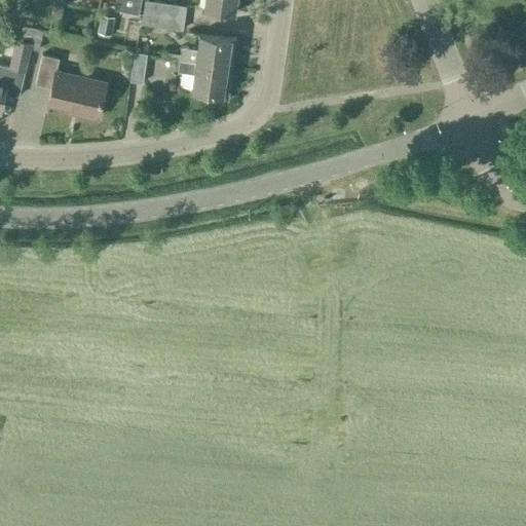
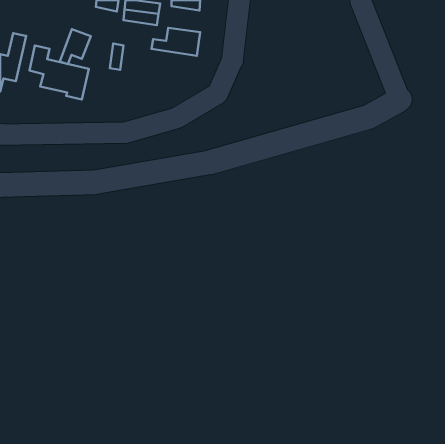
building: none -> [60,29,91,64]
building: [177,60,232,101] -> none

